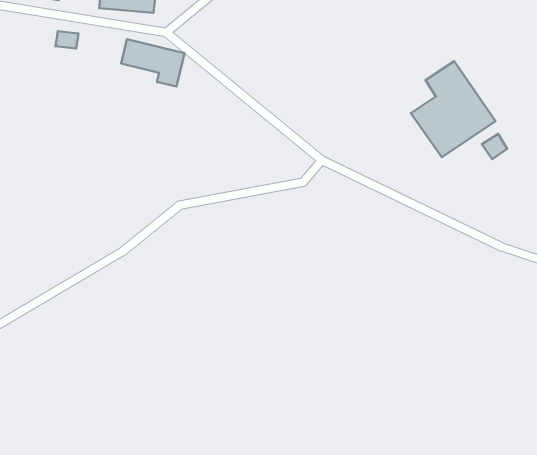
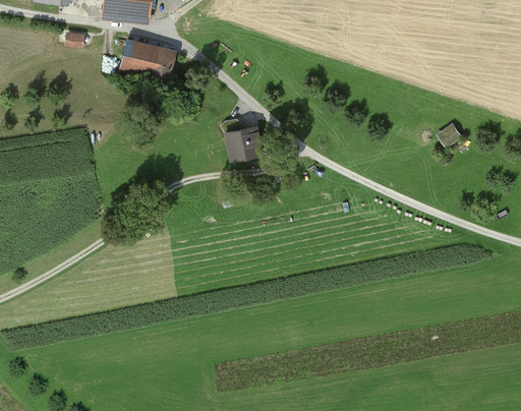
building: [411,61,496,157] -> none
building: none -> [226,127,262,162]

